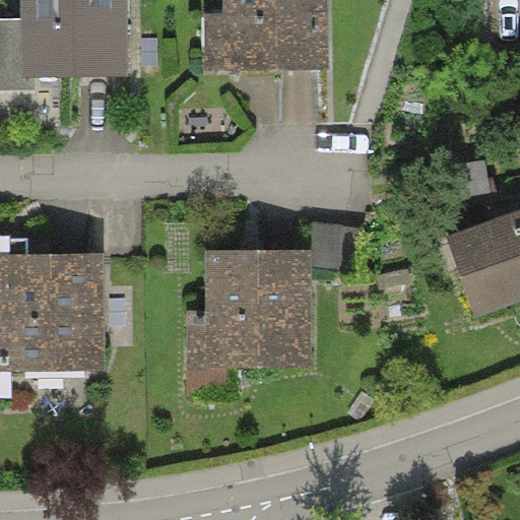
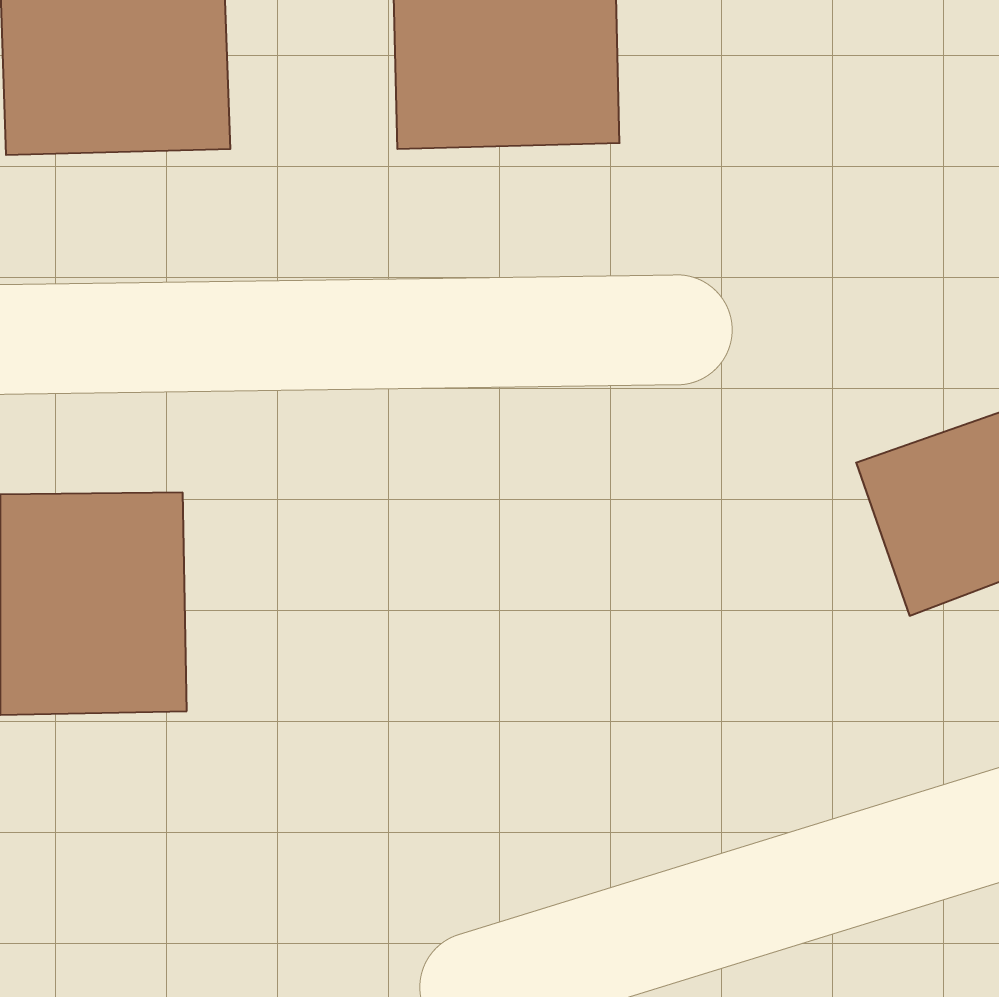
building: [200,250,310,369] -> none

